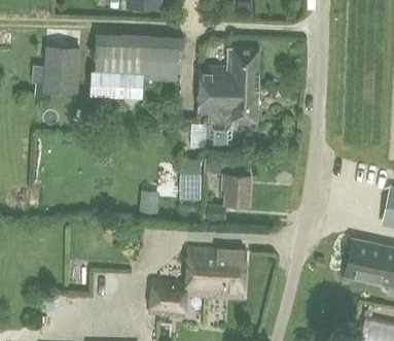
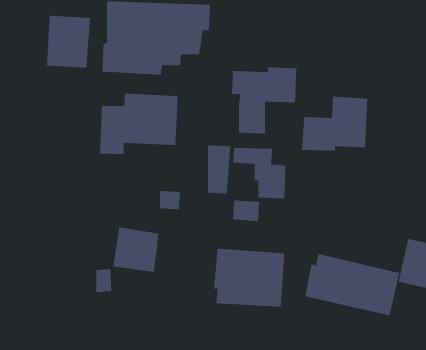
building: [203,47,260,95] -> [301,96,368,151]
building: none -> [99,93,178,155]
building: none -> [305,253,400,316]
building: [149,276,189,315] -> [112,227,159,272]

